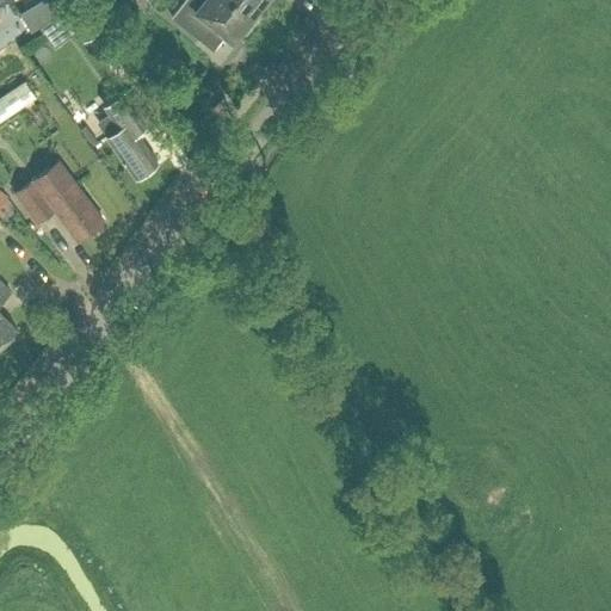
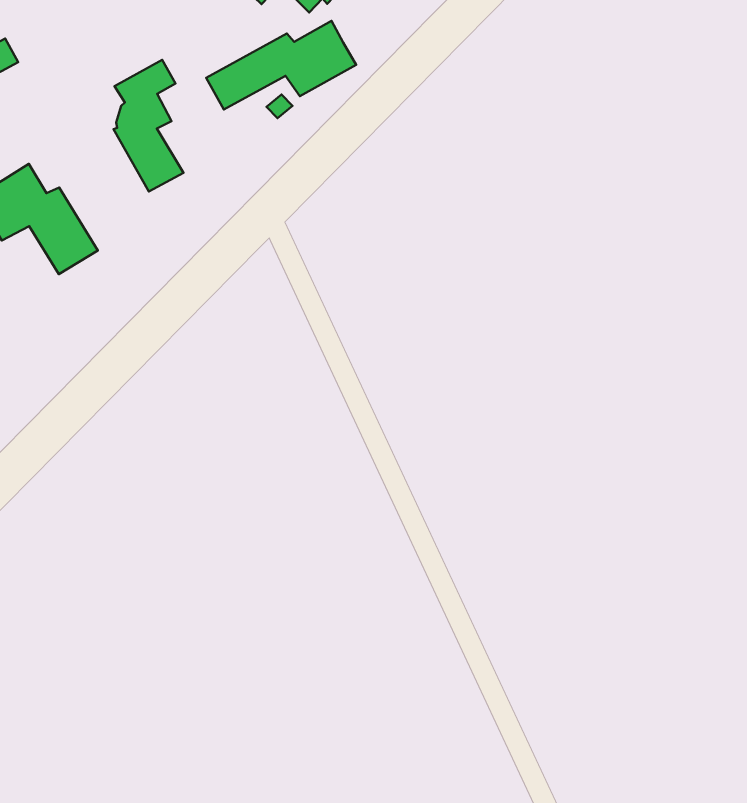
building: none -> [206,21,356,110]

